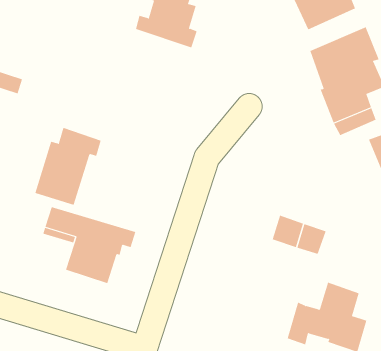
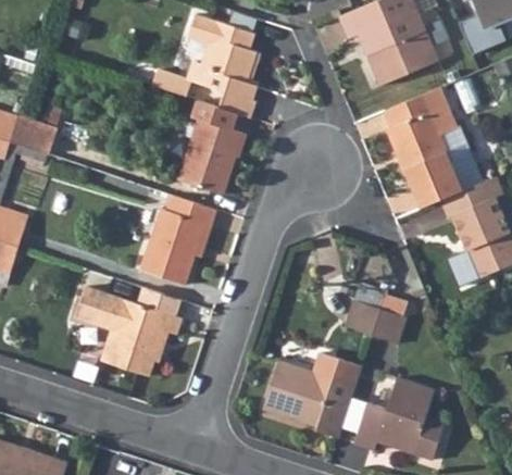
building: none -> [178,103,242,199]
building: [35,127,102,205] -> [138,195,215,285]
building: none -> [265,349,361,436]

